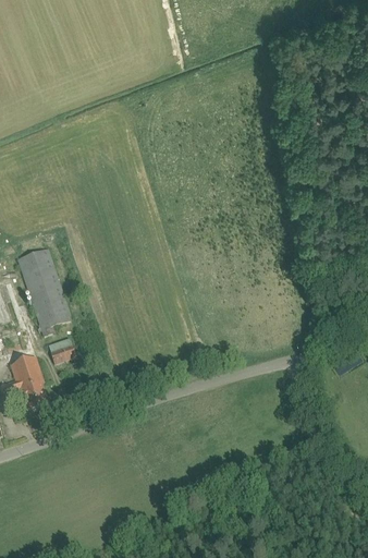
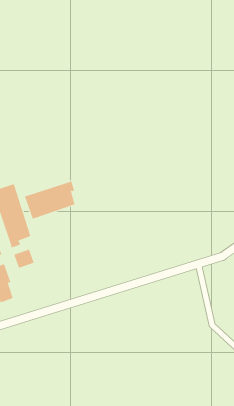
building: none -> [24,180,75,220]

